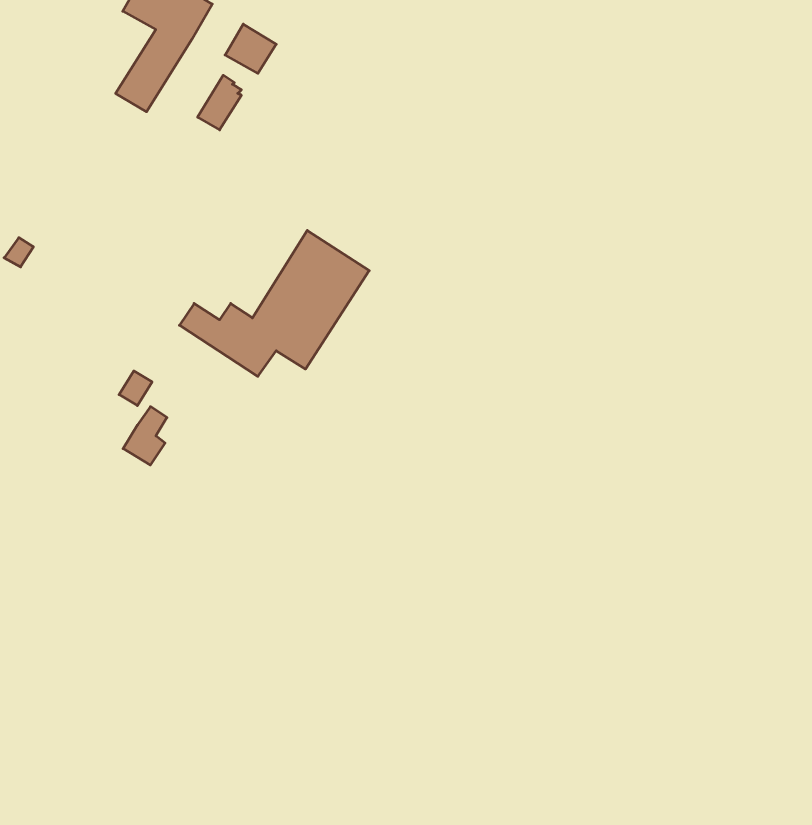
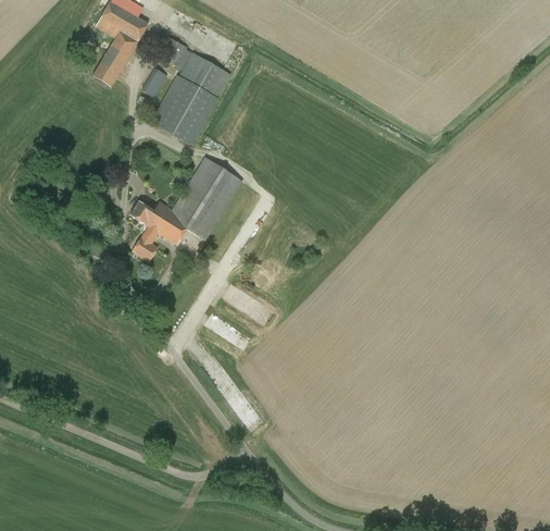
building: none -> [151,51,230,144]
building: [123,407,167,465] -> [132,225,158,260]

